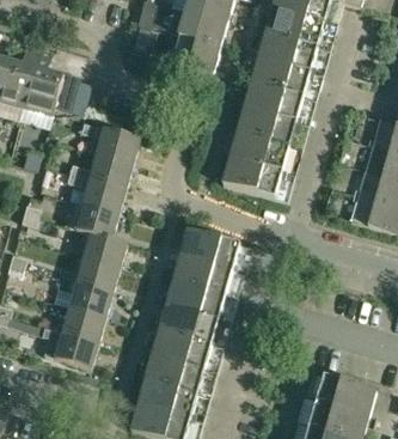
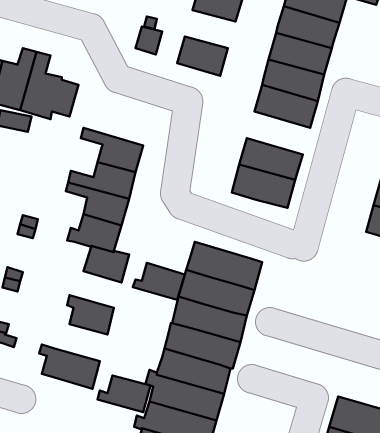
building: [167,7,227,47] -> none
building: [238,106,298,147] -> none
building: [71,257,120,292] -> [133,263,185,300]
building: [56,307,106,342] -> [97,375,151,412]

